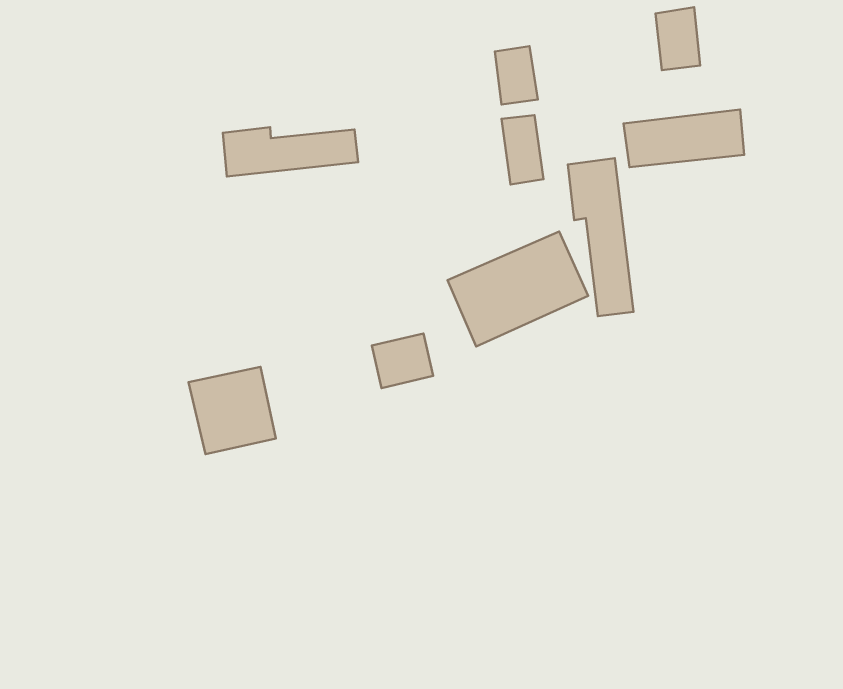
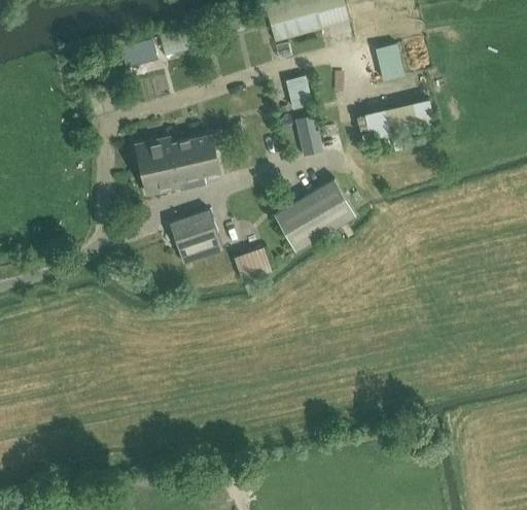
building: [568,158,633,316] -> none
building: none -> [141,154,219,195]
building: [188,367,276,454] -> [169,209,222,263]

